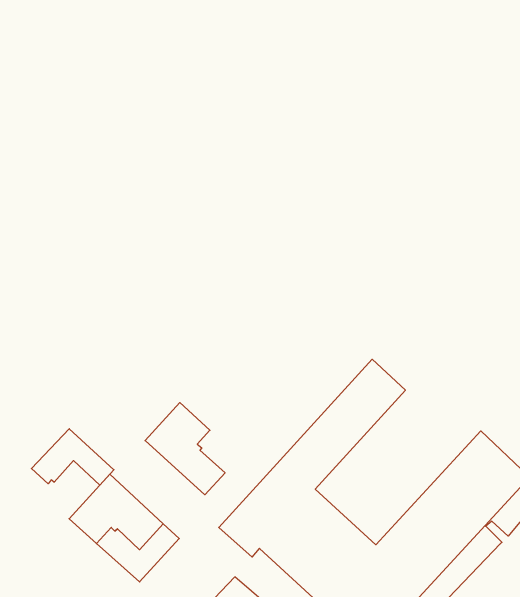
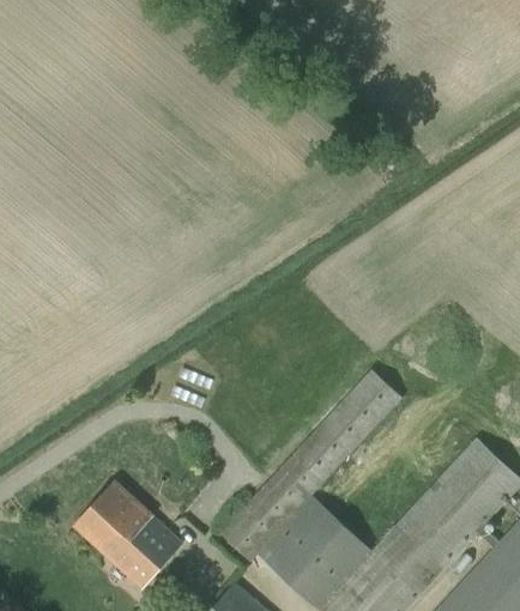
building: [145,403,225,495] -> none
building: [31,429,114,485] -> none

